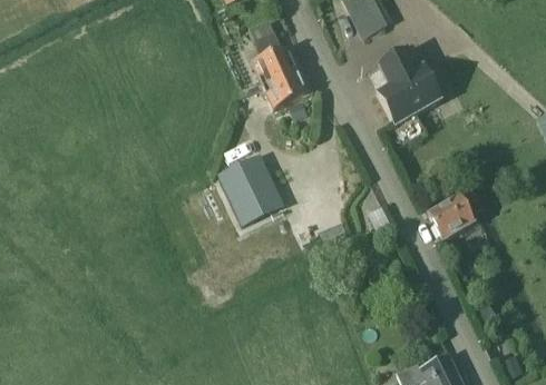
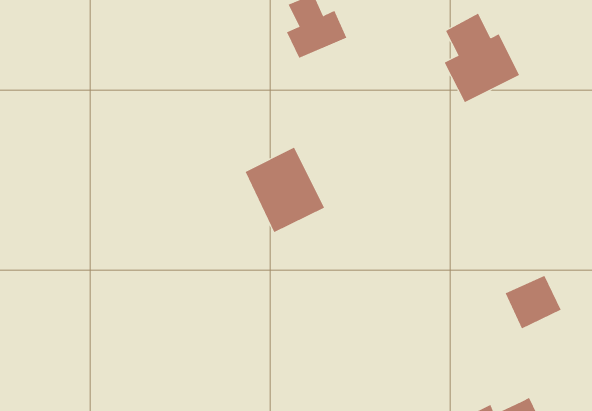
building: [262,68,312,108] -> none
building: [428,194,474,237] -> [505,275,561,329]

